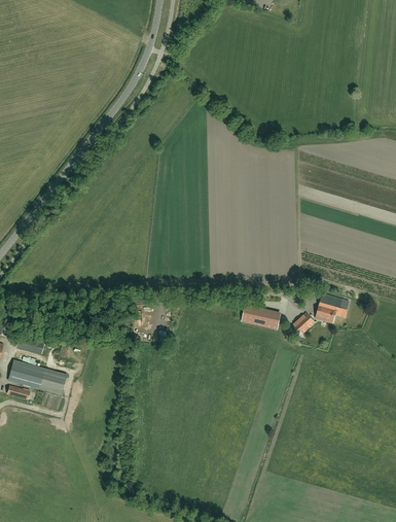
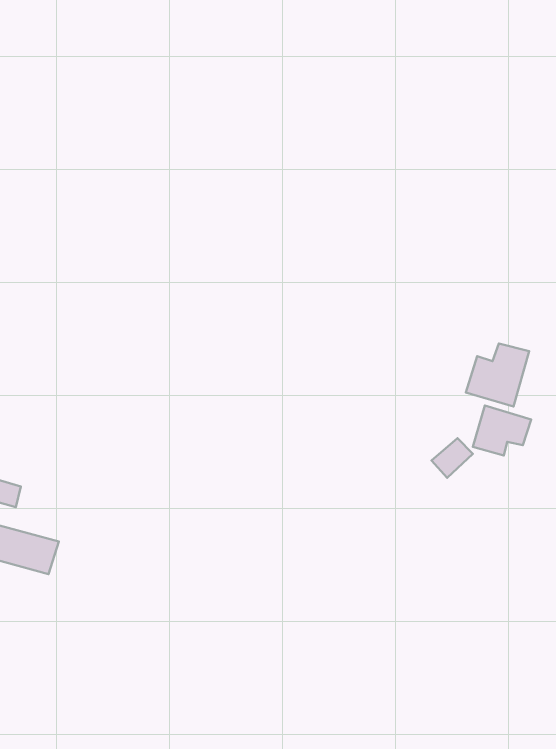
building: none -> [466,344,529,406]
building: [240,304,280,327] -> none

